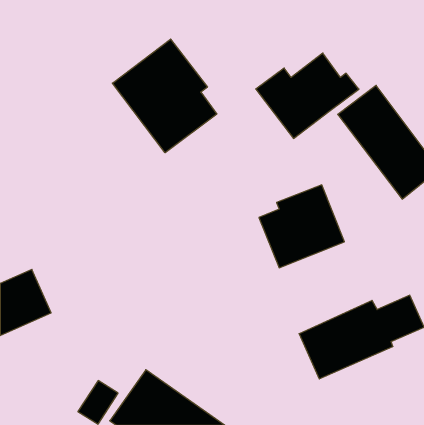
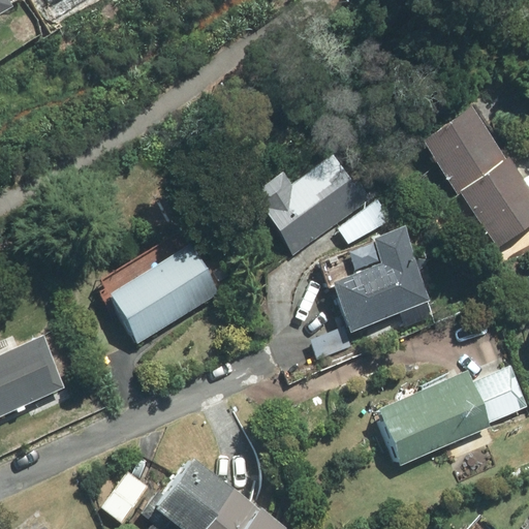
building: [112,39,217,153] -> none
building: [256,53,359,138] -> [247,153,374,258]
building: none -> [108,240,222,345]

